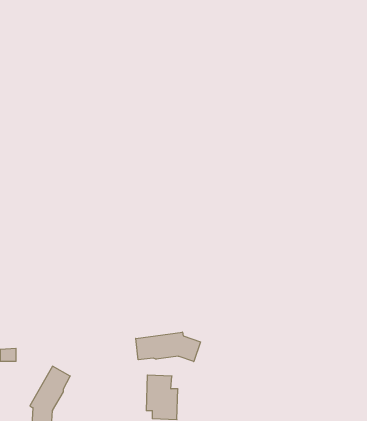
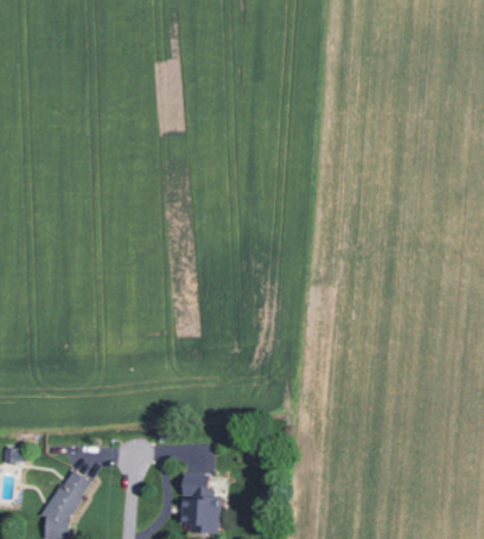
building: [136,332,201,362] -> none

